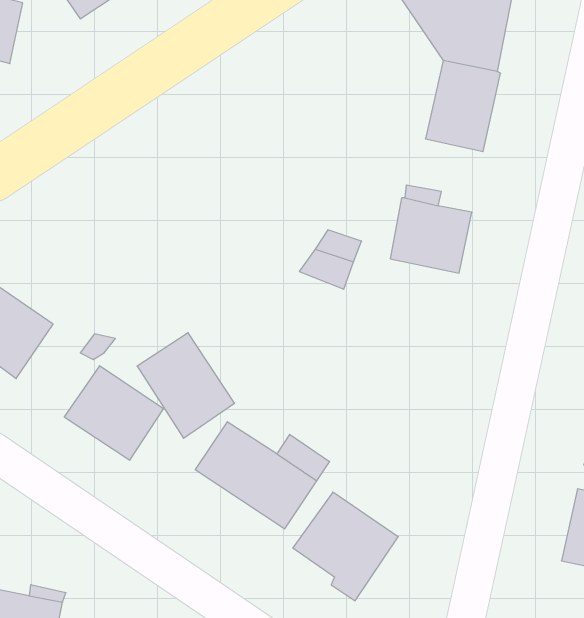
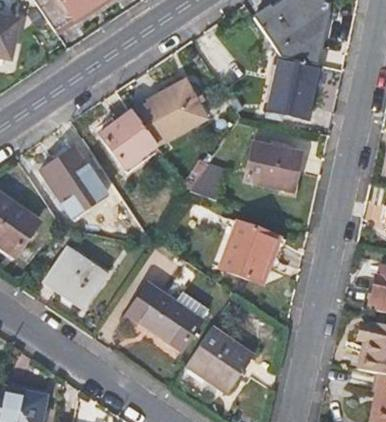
building: none -> [149,80,206,138]
building: none -> [101,109,157,167]
building: none -> [221,221,281,283]
building: [137,333,235,438] -> [43,149,104,215]

